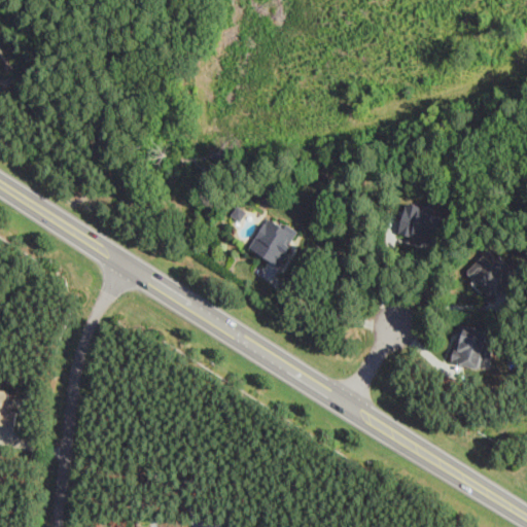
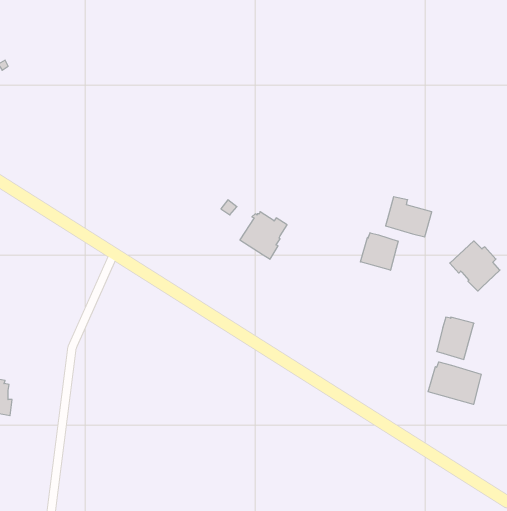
building: none -> [360,233,398,270]
building: none -> [428,362,481,404]

